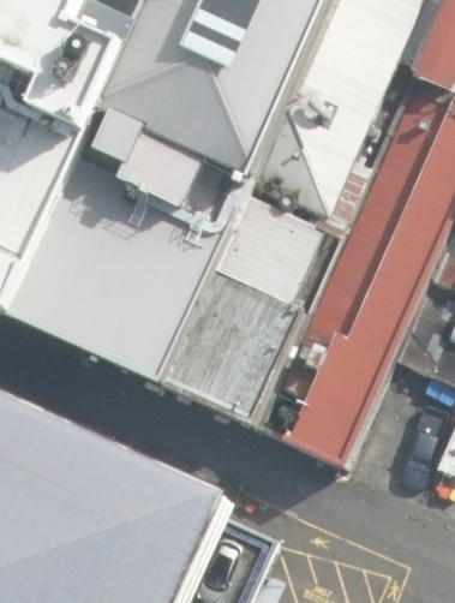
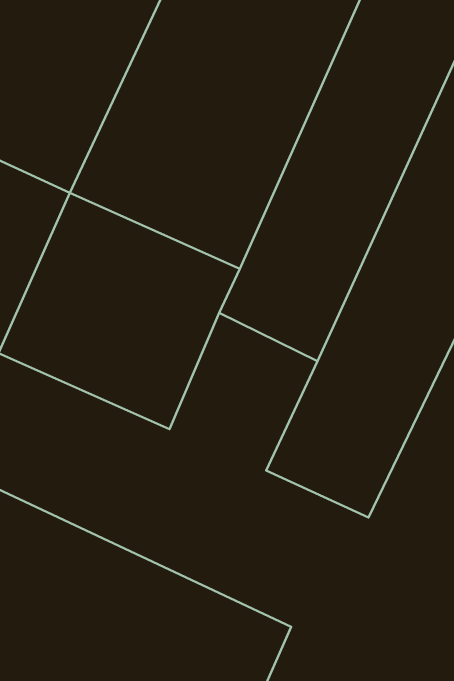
building: [182,280,311,417] -> none

